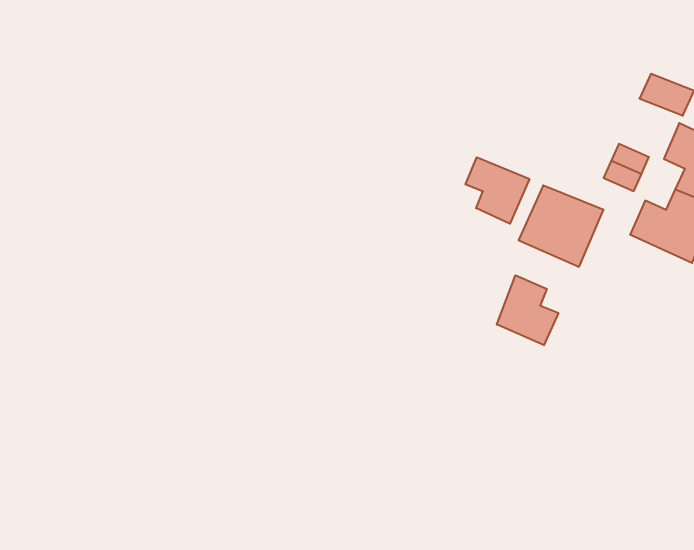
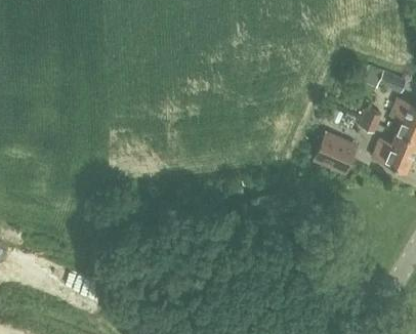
building: [465,157,529,224] -> none
building: [497,275,558,345] -> none

